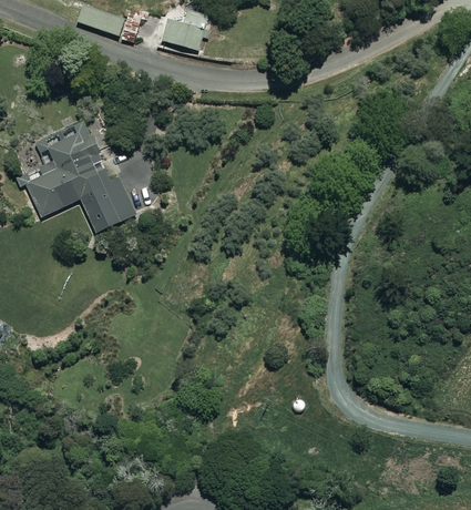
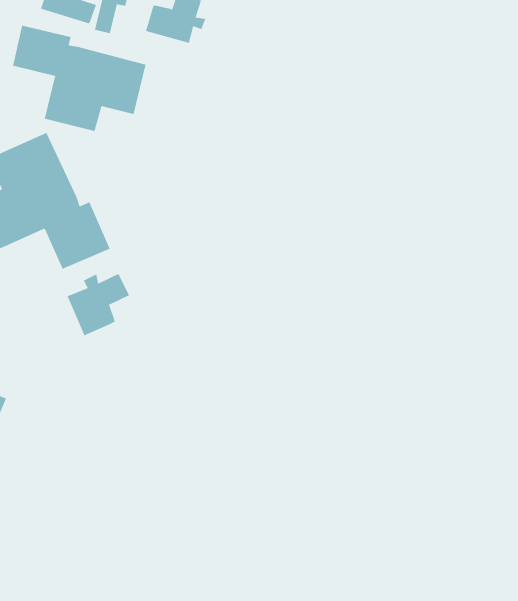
building: none -> [12,25,146,132]
building: none -> [67,273,130,336]

